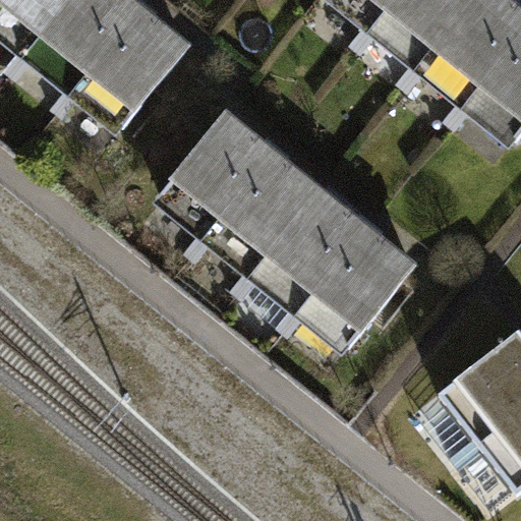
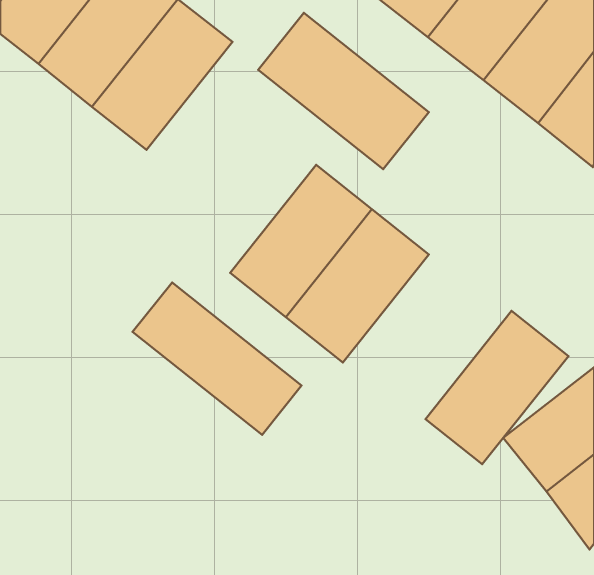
building: none -> [258,13,429,169]
building: [152,105,277,239] -> none
building: [300,223,425,357] -> [425,311,568,464]
building: none -> [133,282,302,435]

